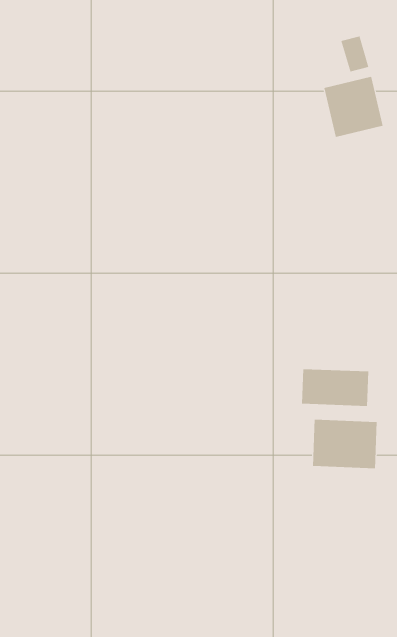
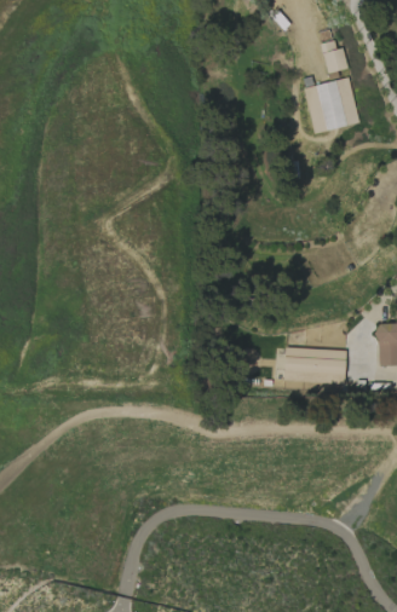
building: [312,419,377,469] -> none

